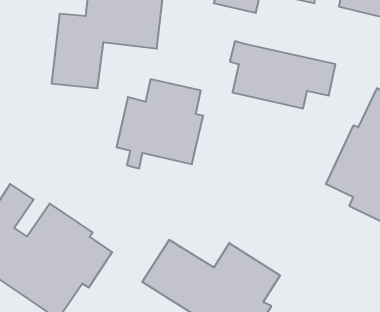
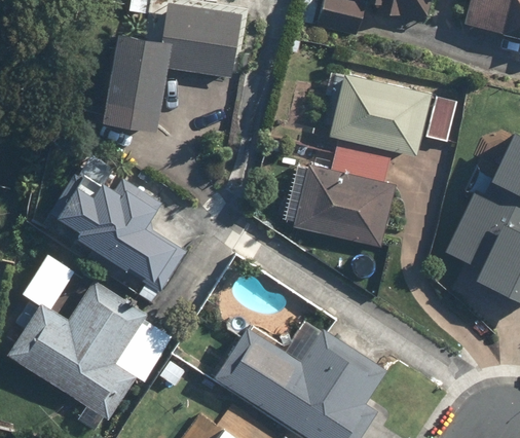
building: [116,79,203,168] -> [285,137,395,250]
building: none -> [47,169,188,302]

